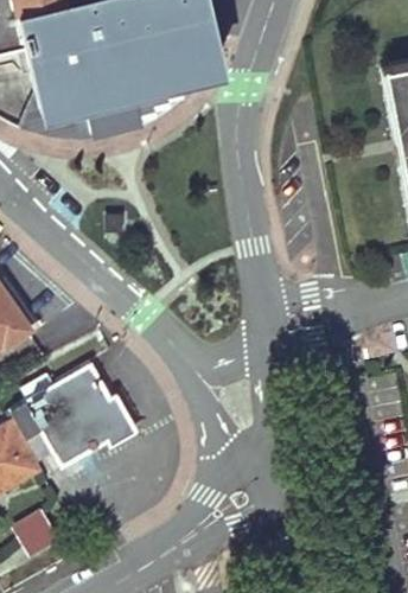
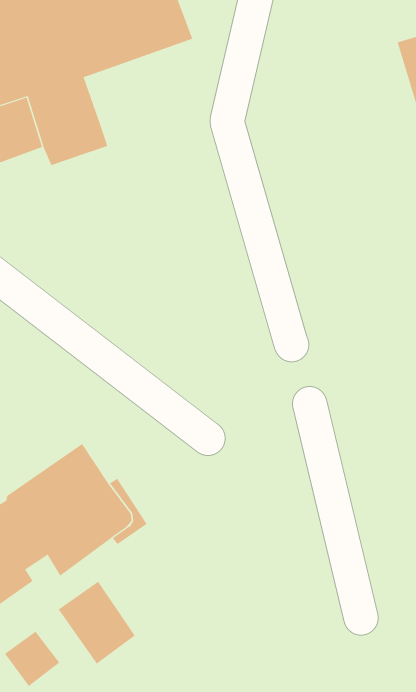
building: [128,49,228,110] -> none
building: none -> [58,581,135,664]

